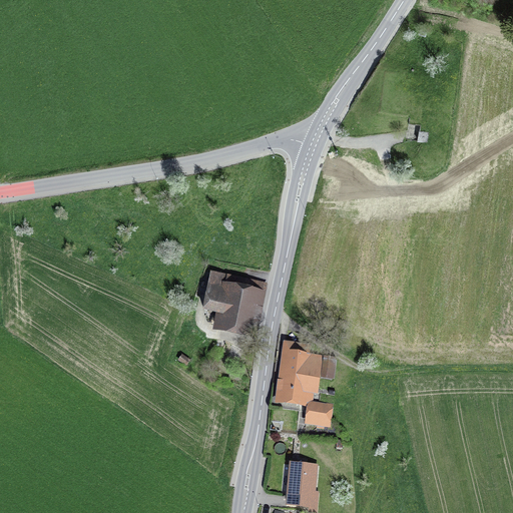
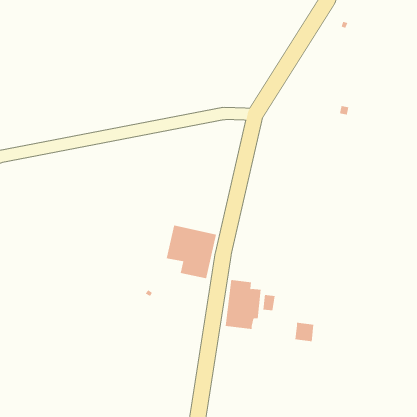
building: [308,400,332,424] -> [294,322,314,342]
building: [287,463,318,507] -> none

